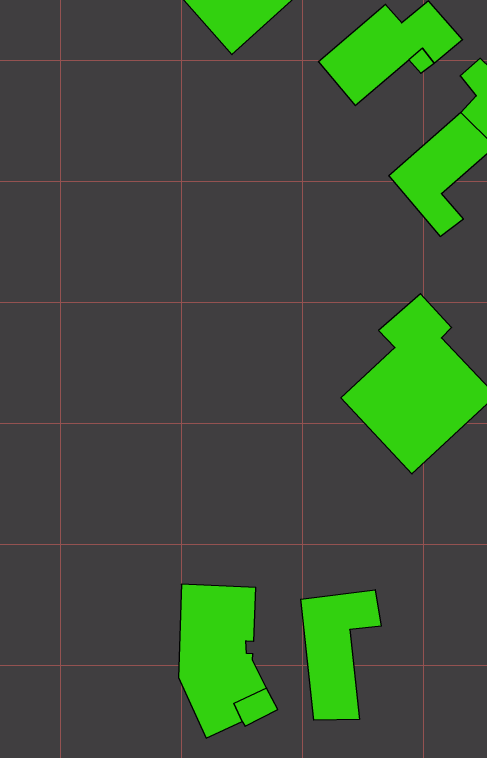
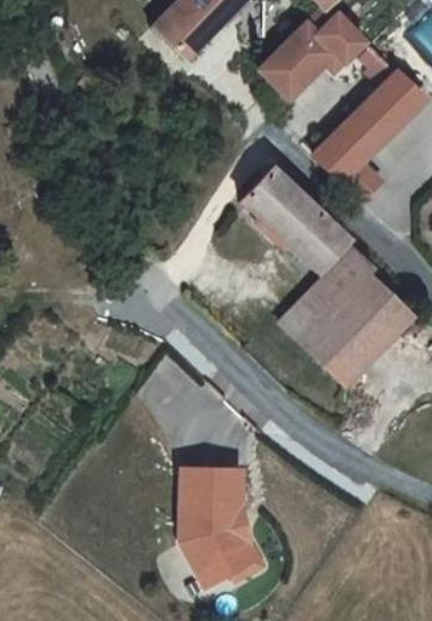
building: none -> [241,163,351,269]
building: [301,590,381,720] -> none

